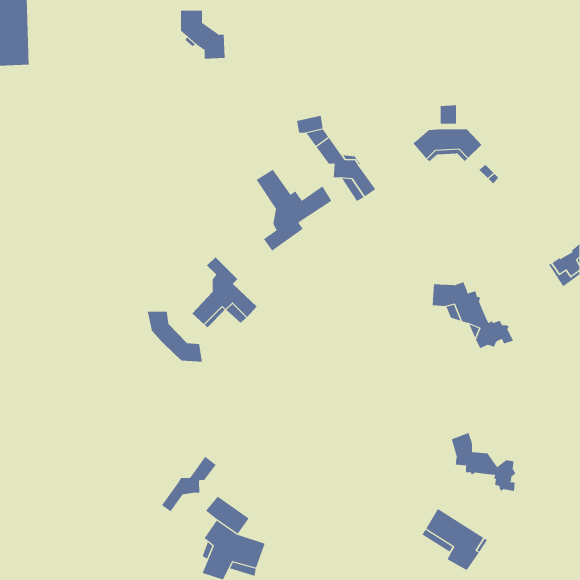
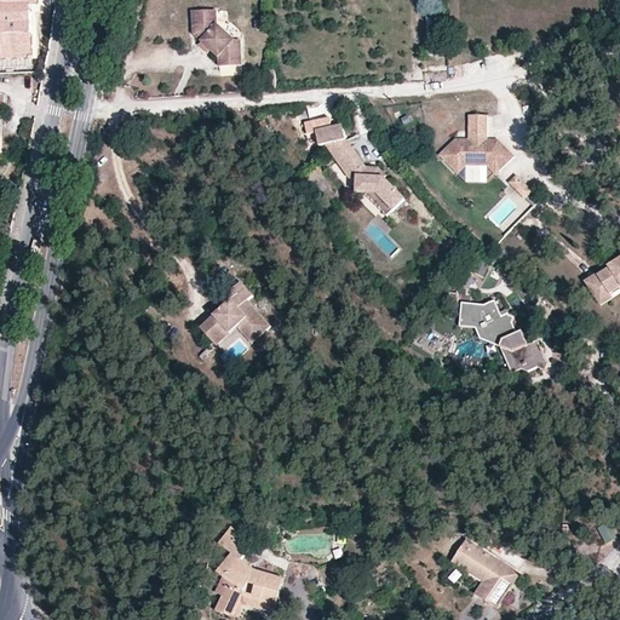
building: [256,169,332,251] -> none
building: [147,311,202,362] -> none
building: [451,432,516,492] -> none
building: [161,456,217,512] -> none

